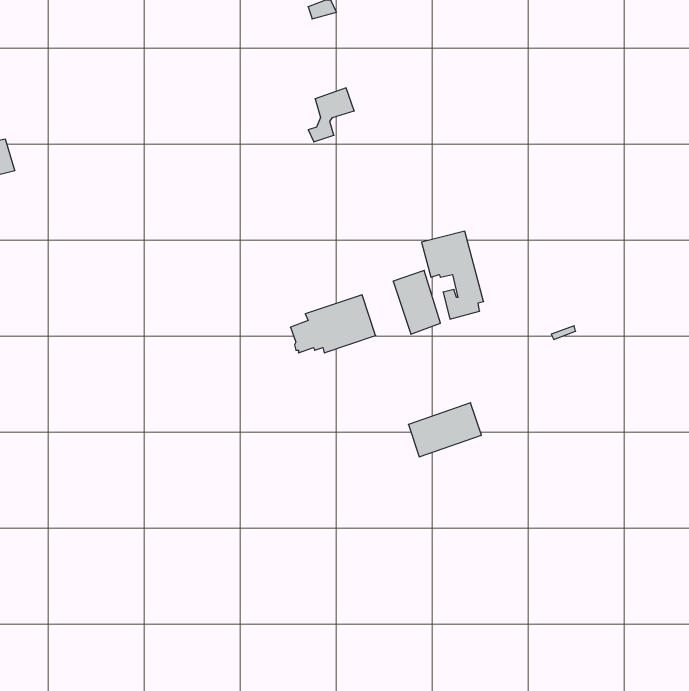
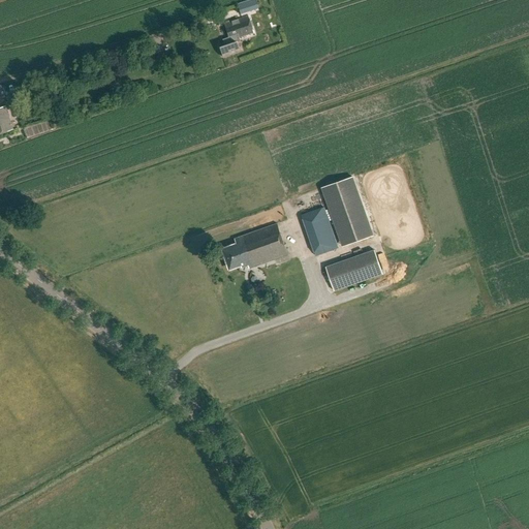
building: [308,88,354,142] -> [218,15,253,57]
building: [408,403,481,457] -> [324,249,380,290]

